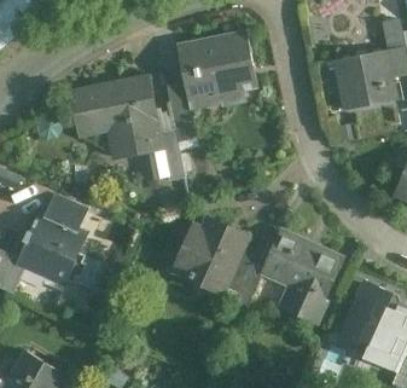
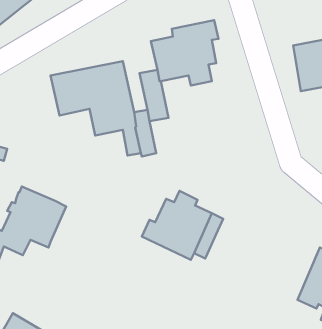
building: [45,195,83,228] -> none
building: [263,233,341,323] -> none

